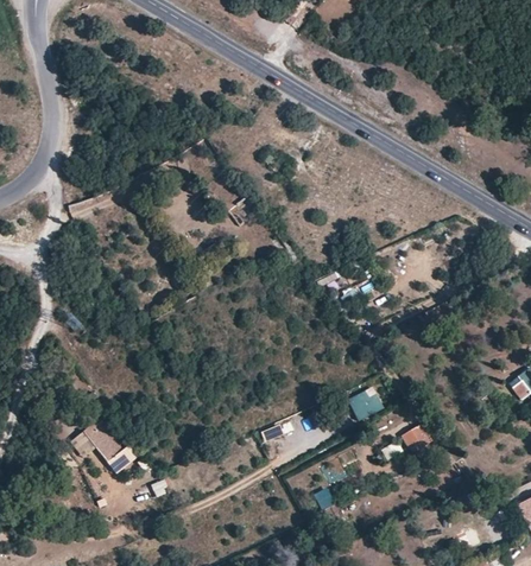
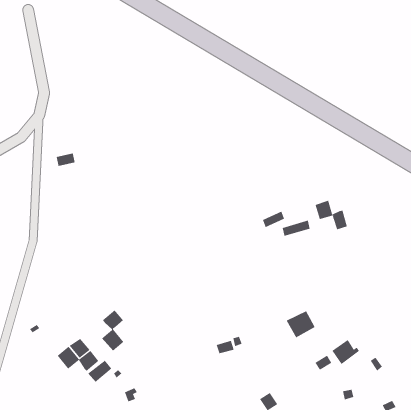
building: none -> [315,200,348,230]
building: none -> [101,310,124,351]

